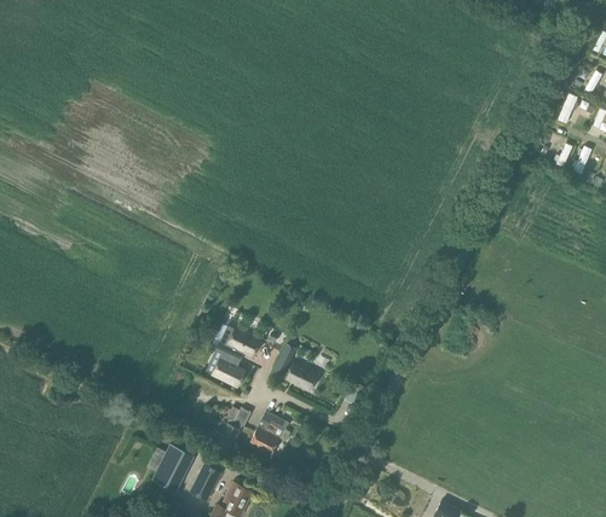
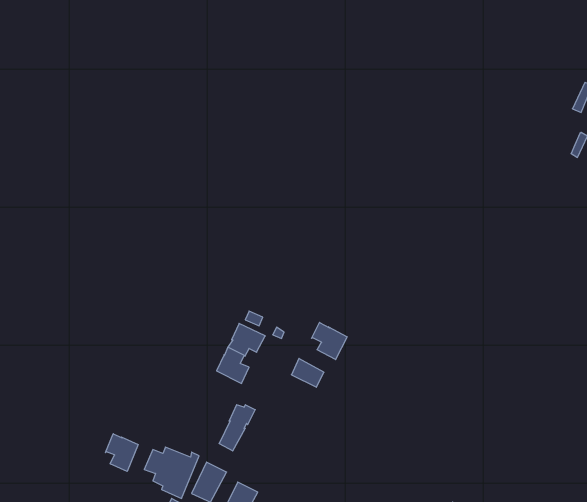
building: none -> [312,322,347,360]
building: [249,411,281,455] -> none
building: none -> [106,434,138,471]

